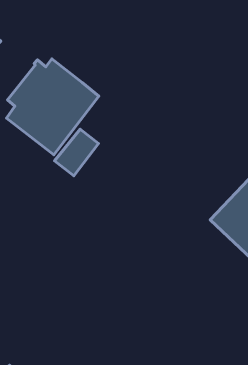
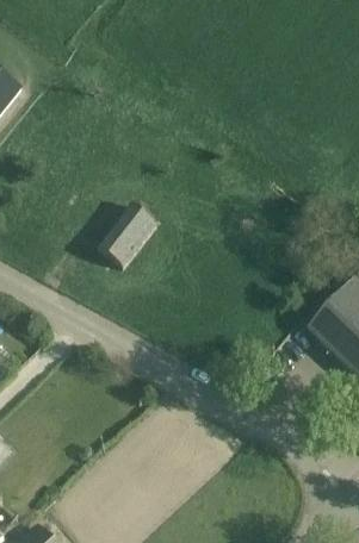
building: [7,59,99,155] -> none

